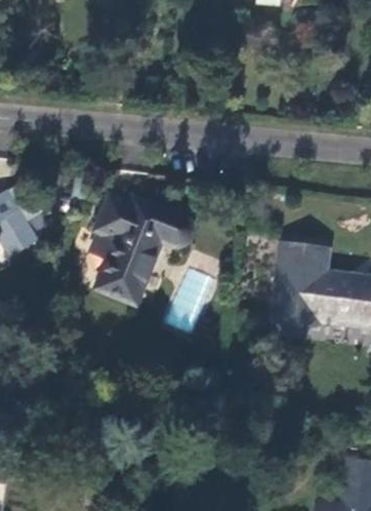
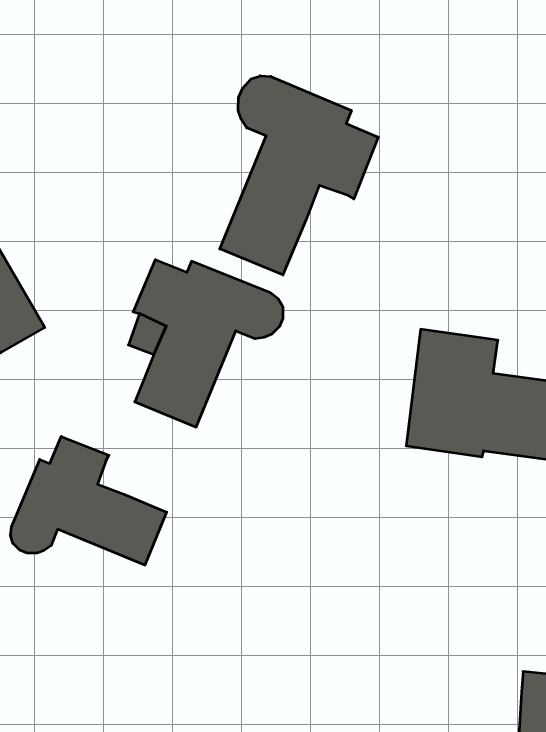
building: none -> [220,76,378,275]
building: none -> [11,436,167,565]

